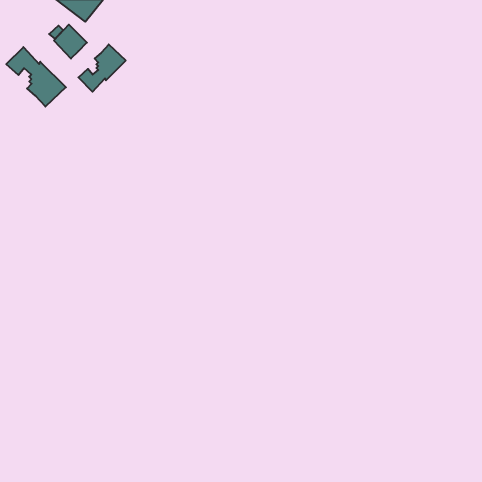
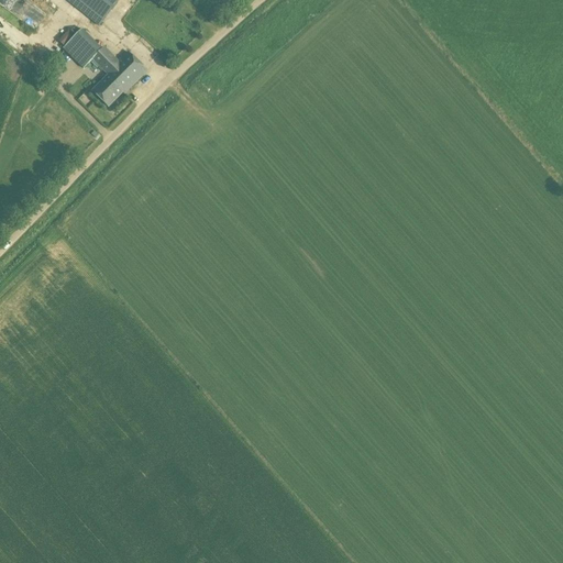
building: none -> [91,47,118,87]
building: [6,47,66,107] -> none

